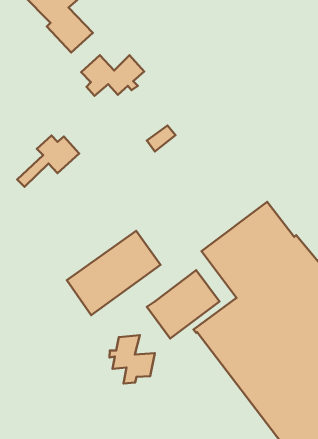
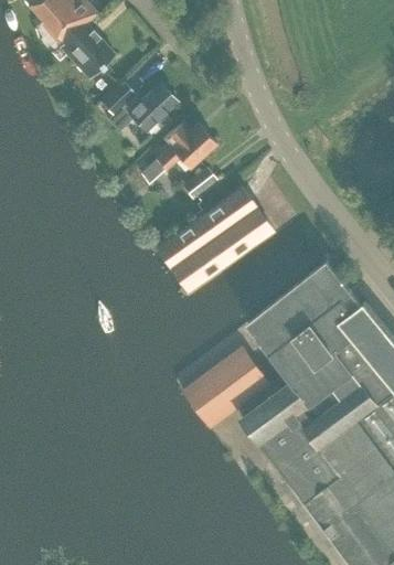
building: [17,136,79,187] -> [139,122,215,185]
building: [67,231,160,315] -> [157,189,271,292]
building: [109,335,155,383] -> none

